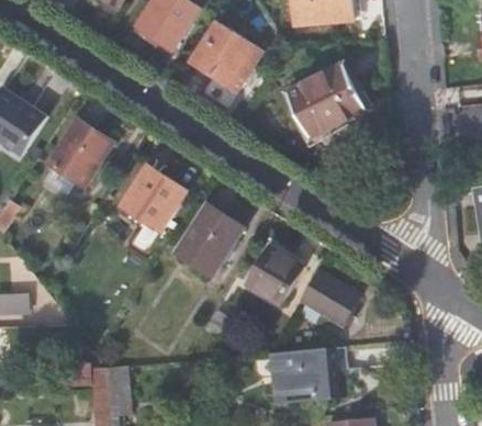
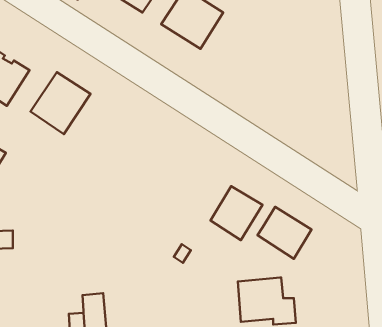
building: [284,64,366,138] -> none
building: [122,164,189,231] -> none
building: [175,202,246,277] -> none

